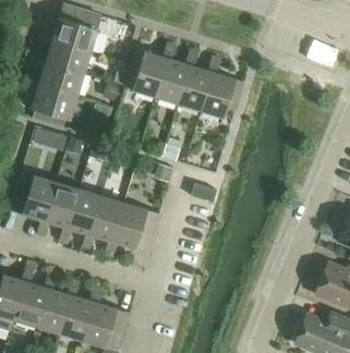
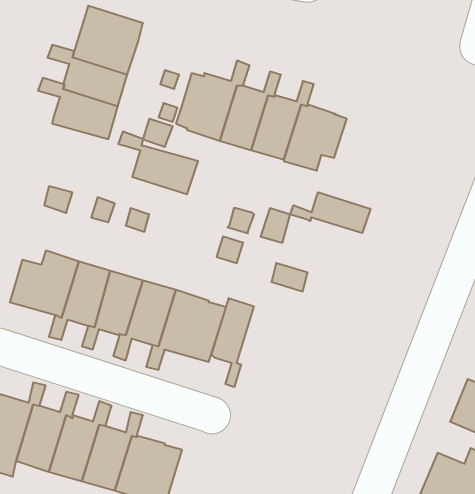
building: [22,76,77,120] -> [118,131,198,194]
building: none -> [290,192,370,233]
building: none -> [211,298,254,387]

